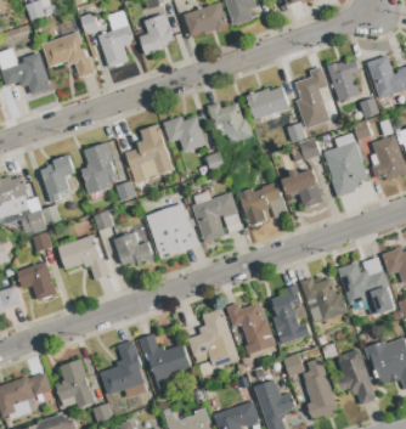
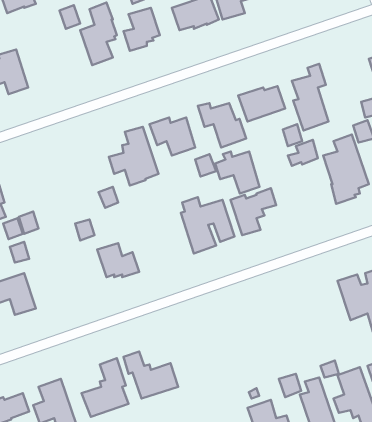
building: [41,33,95,78] -> none
building: [327,61,359,101] -> none
building: [81,142,117,193] -> none
building: [40,156,74,202] -> none
building: [282,169,323,208] -> [215,152,259,193]
building: [146,204,199,259] -> none
building: [58,236,109,280] -> none
building: [300,278,346,320] -> none
building: [271,286,310,344] -> none
building: [226,304,276,355] -> none
building: [187,309,238,368] -> none

